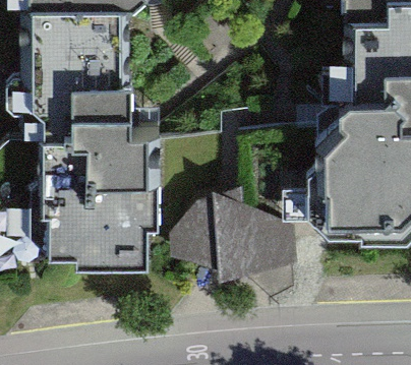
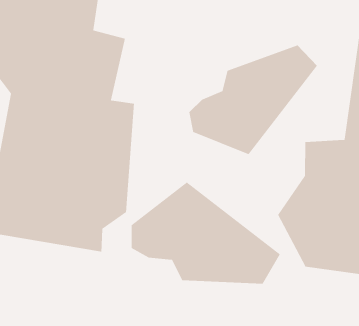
building: none -> [189,44,318,155]

